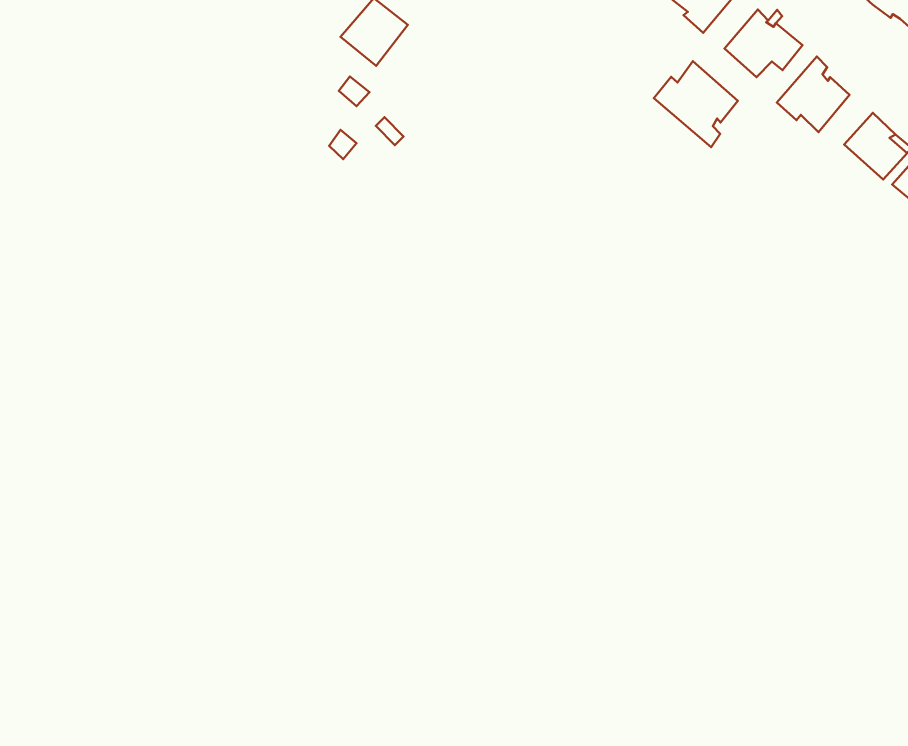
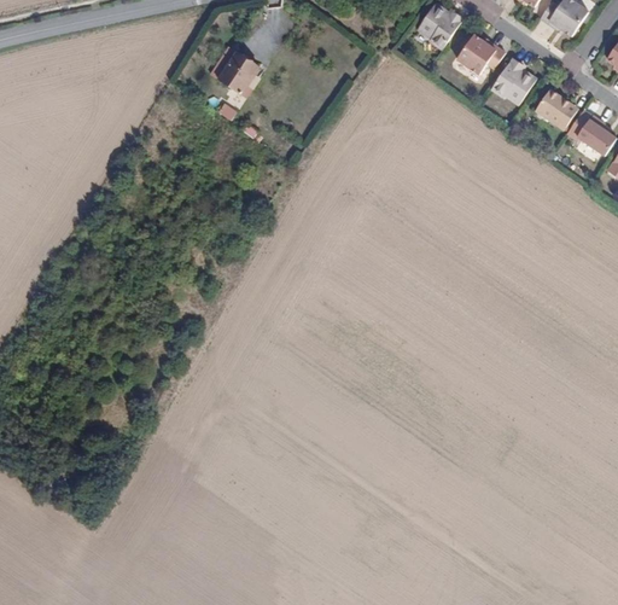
building: [654,61,738,147] -> none

